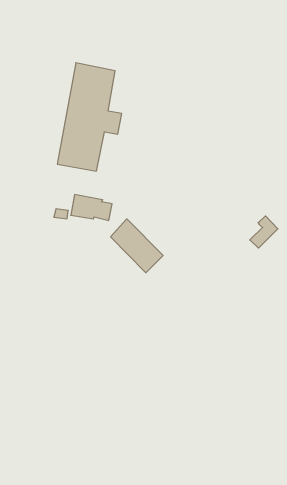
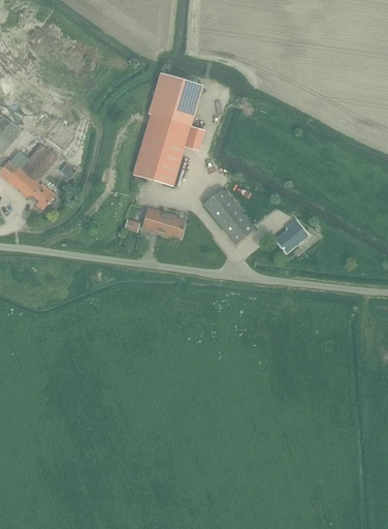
building: [250,216,278,248] -> [277,219,306,251]
building: [111,219,163,273] -> [202,187,254,244]

